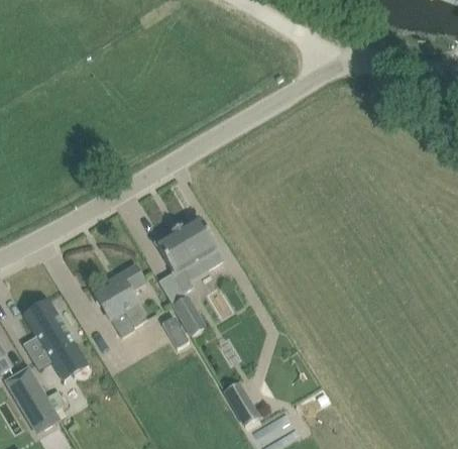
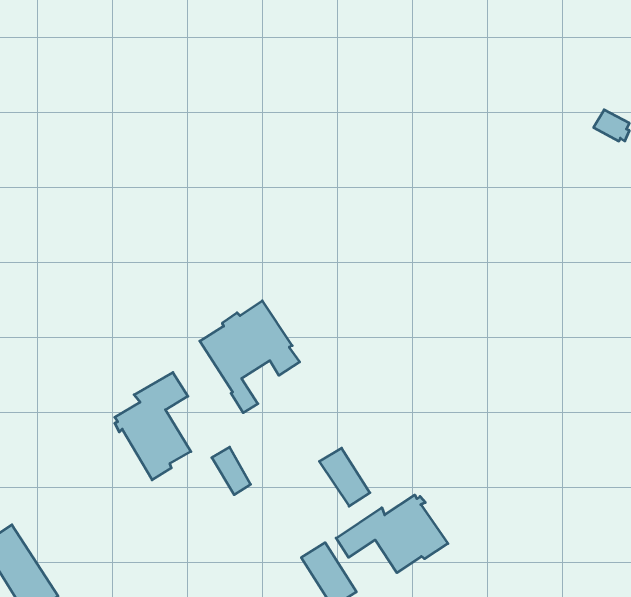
building: [171,295,206,334] -> [319,448,370,506]
building: [23,301,88,383] -> none
building: none -> [336,495,448,573]

